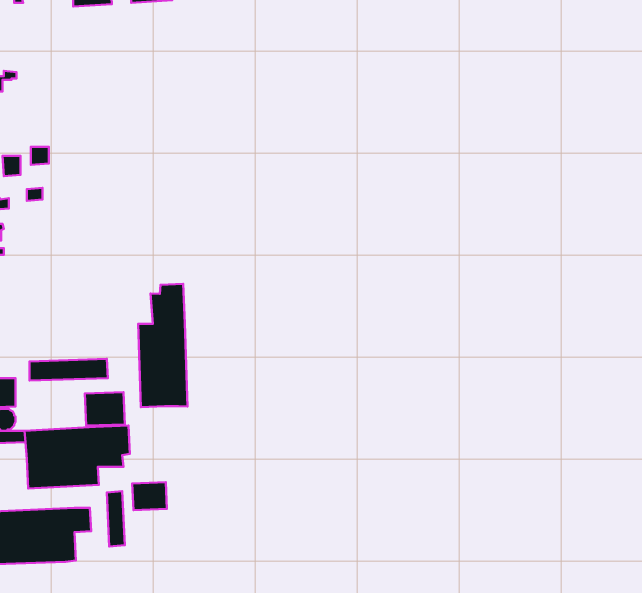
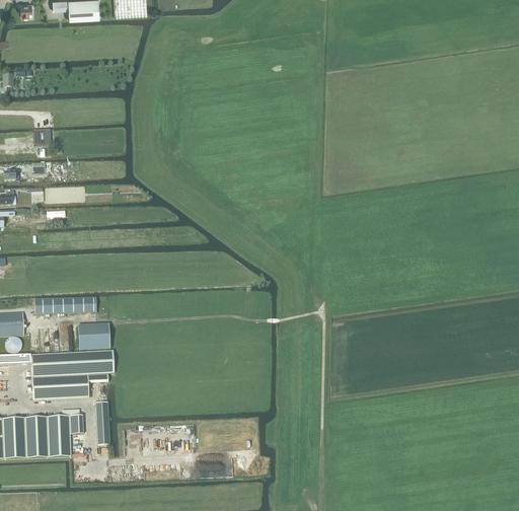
building: [138,284,188,407] -> none
building: [132,482,167,510] -> none

